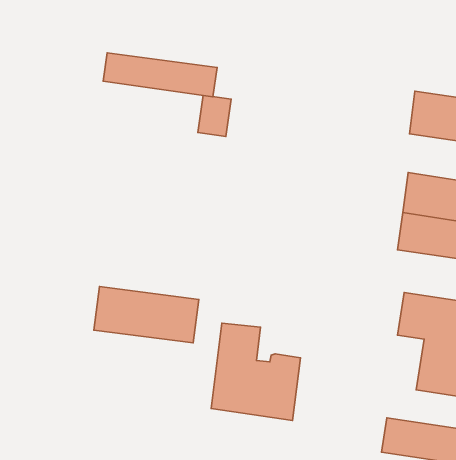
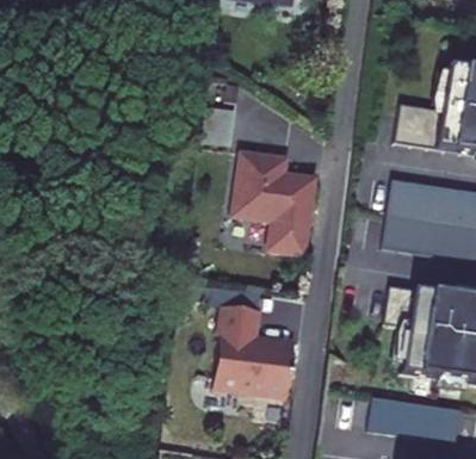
building: [103,53,217,97] -> none
building: none -> [234,151,317,255]
building: [94,287,199,343] -> none

